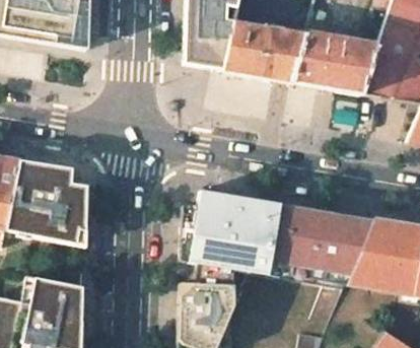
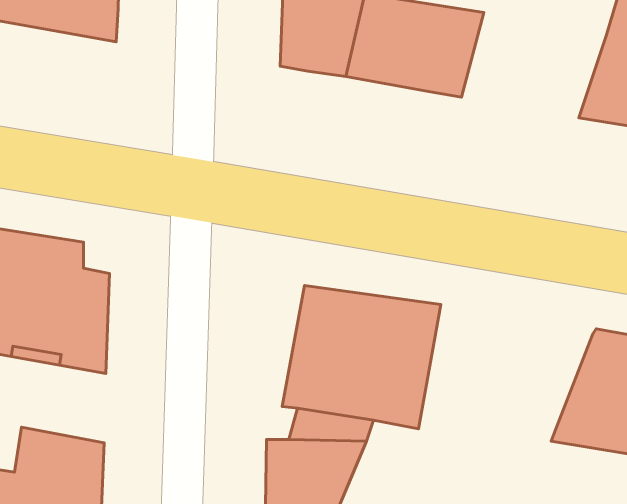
building: [293,31,378,93] -> none
building: [271,203,370,275] -> none

